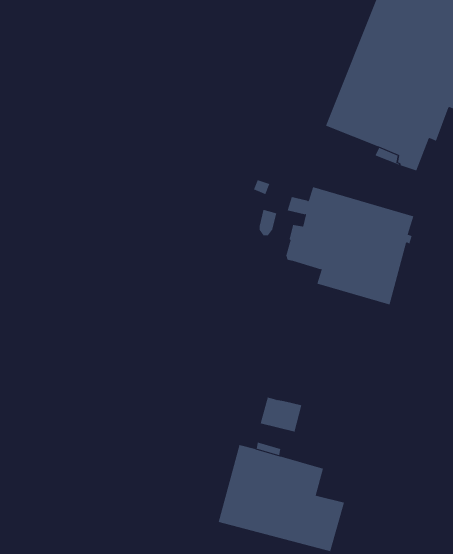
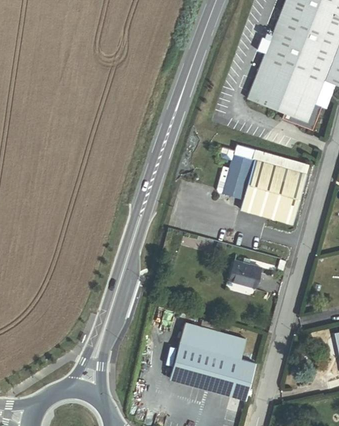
building: [260,397,302,432] -> [230,262,260,287]

